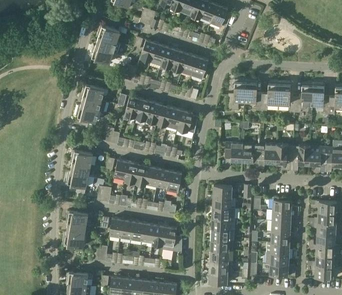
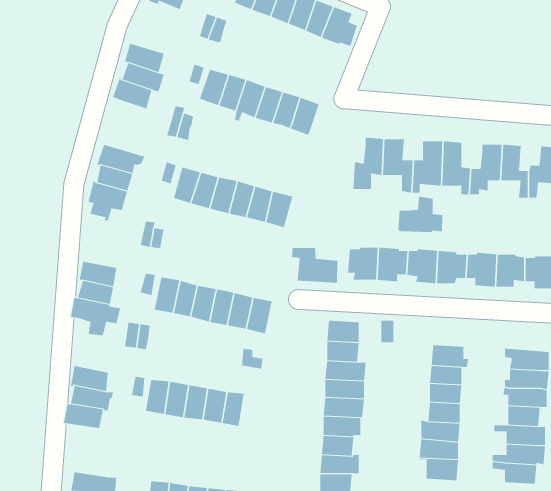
building: none -> [398,196,443,233]
building: none -> [291,247,338,283]
building: [163,227,182,253] -> none

